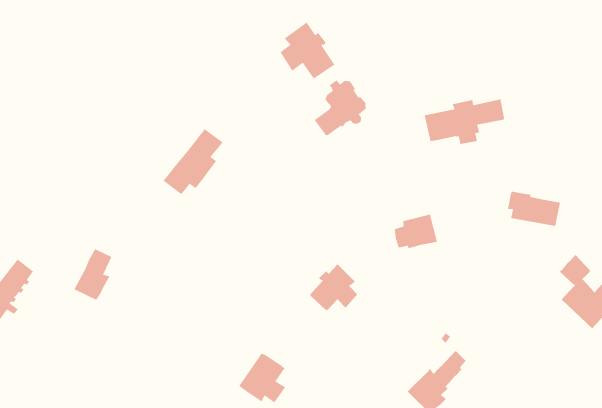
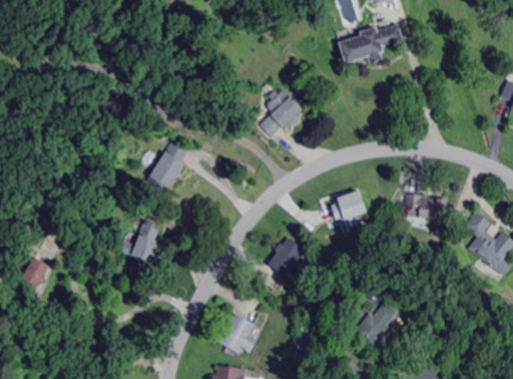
building: [280,22,335,80] -> none
building: [424,98,505,145] -> [338,23,403,63]
building: [507,191,561,227] -> [405,194,447,219]
building: [74,248,114,301] -> [131,220,160,262]

